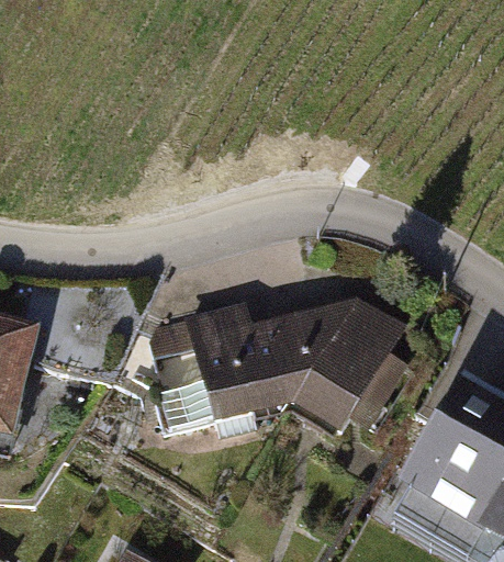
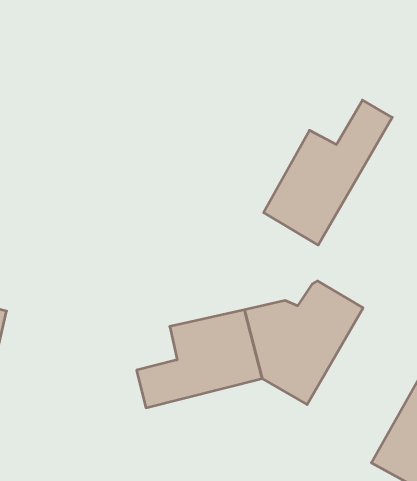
building: none -> [264,100,392,245]

